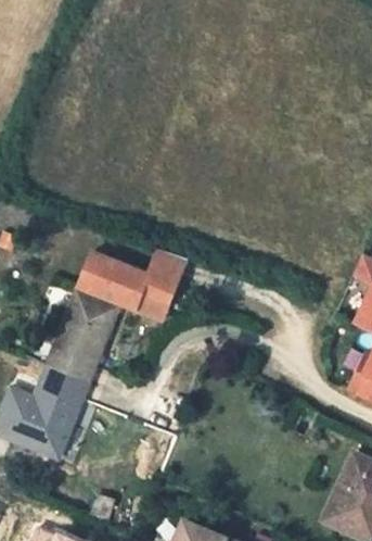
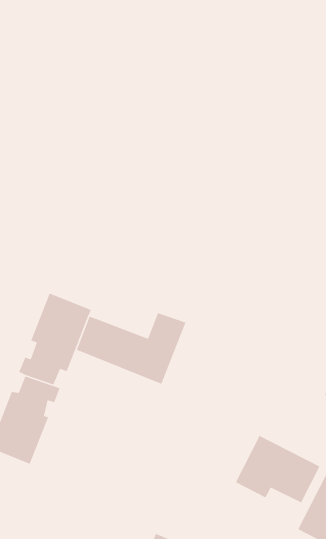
building: [80,249,188,319] -> [76,312,186,385]
building: none -> [235,435,320,504]

